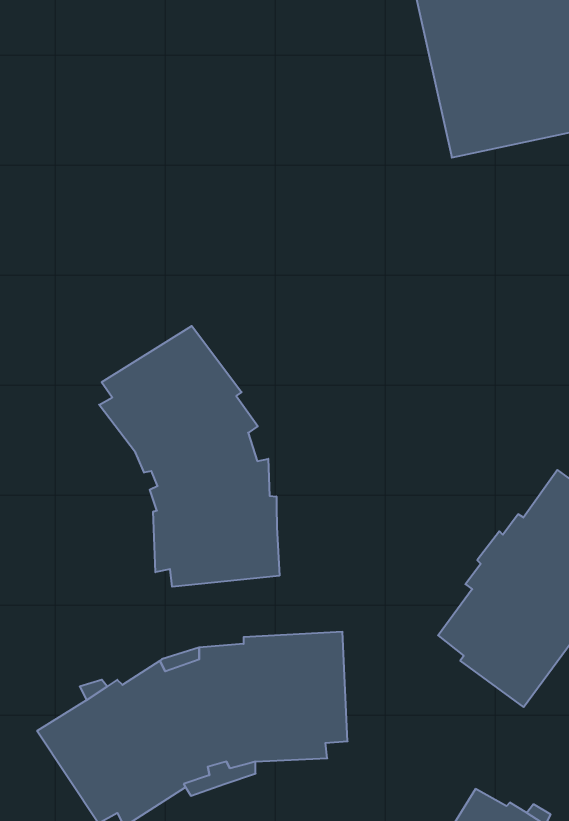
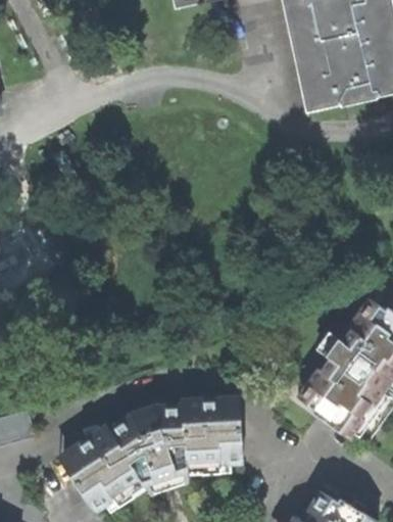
building: [99,326,279,587] -> none

